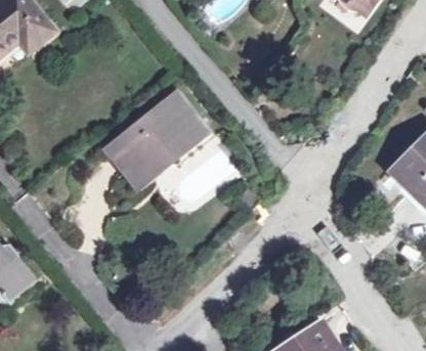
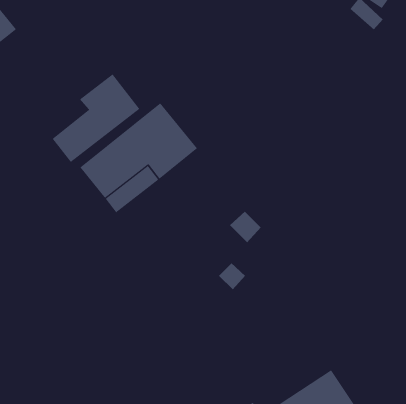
building: none -> [52,73,140,163]

